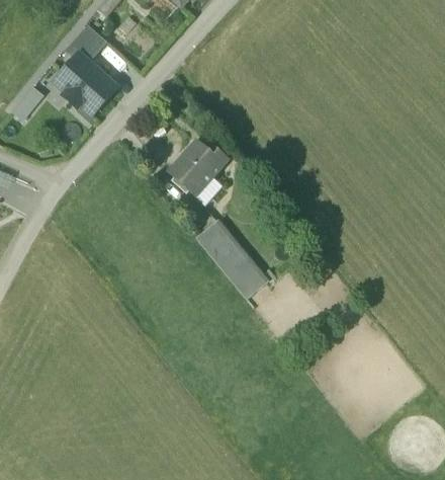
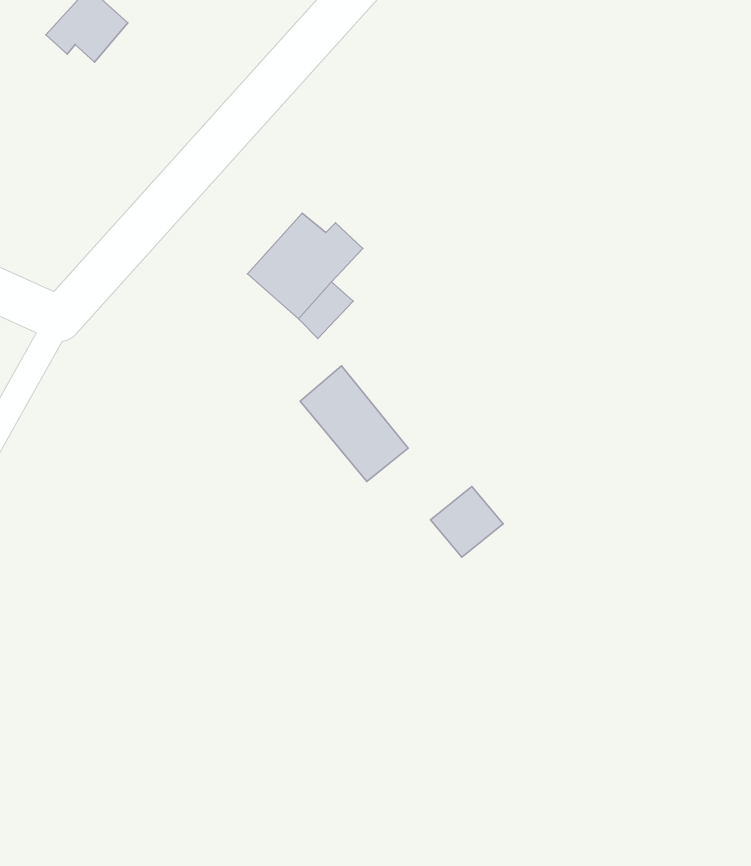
building: [53,53,115,114] -> none
building: [229,261,266,298] -> [431,486,503,557]

